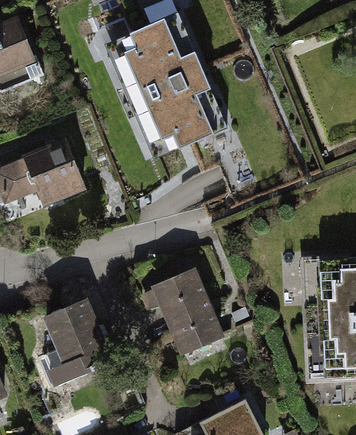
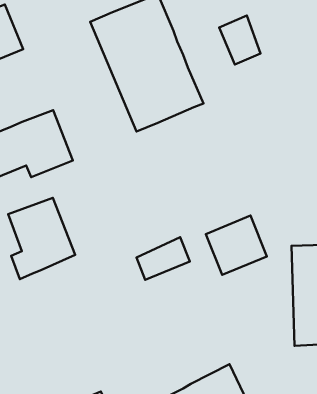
building: none -> [219,15,260,65]
building: [161,290,224,351] -> [206,216,267,275]
building: [43,296,112,380] -> [8,198,75,279]

